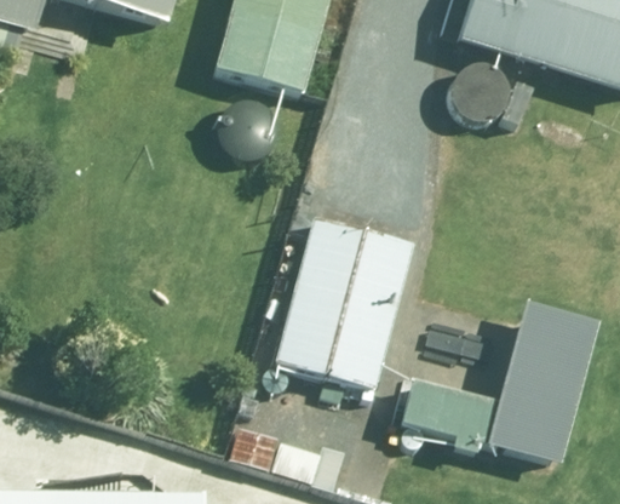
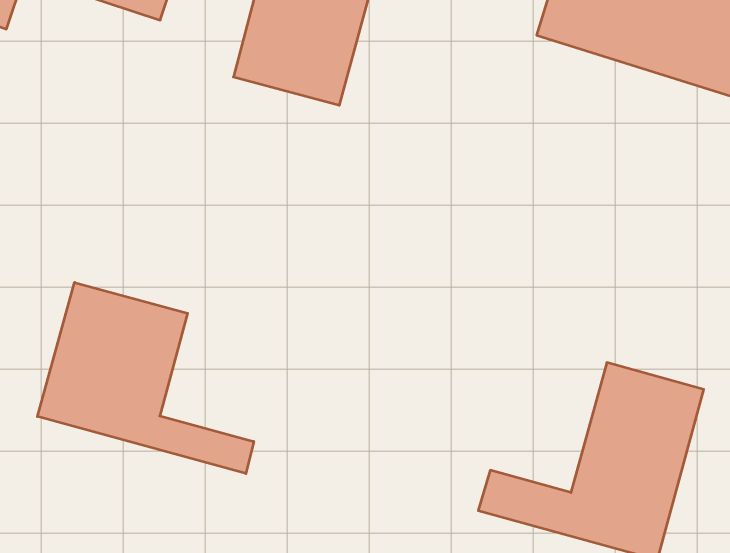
building: [277,217,413,389] -> none
building: none -> [37,282,254,474]

